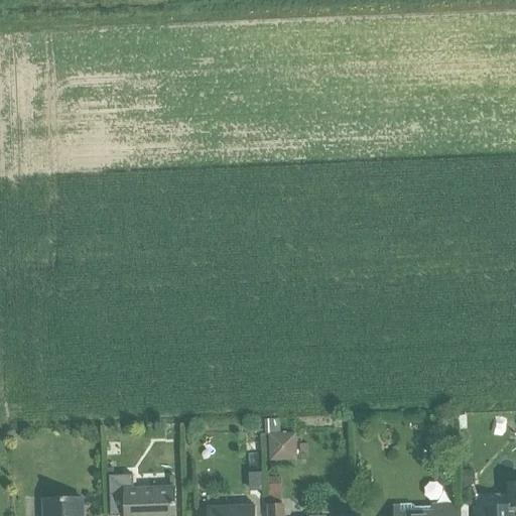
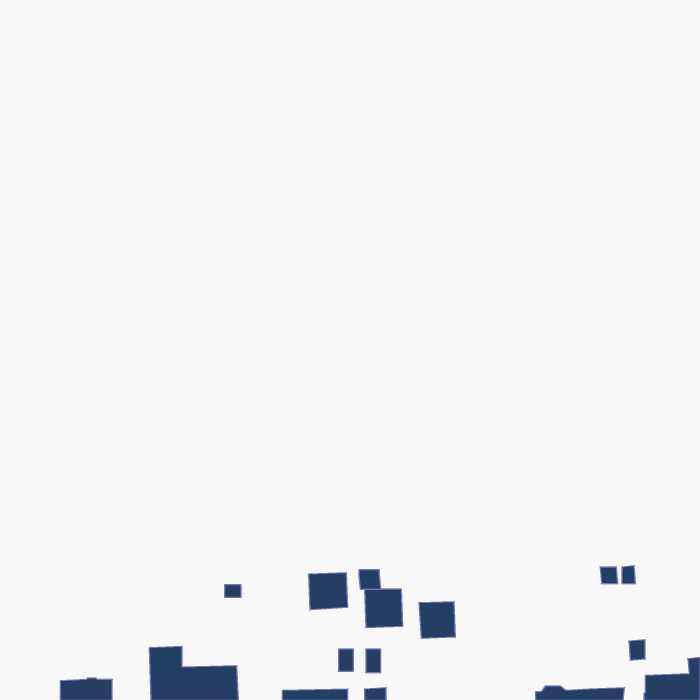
building: none -> [309,573,347,610]
building: none -> [419,601,455,638]

